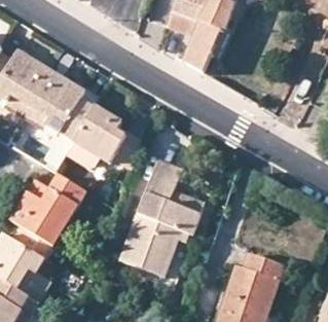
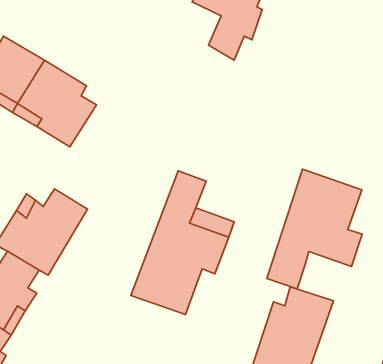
building: [71,105,141,169] -> none
building: none -> [267,169,362,289]

